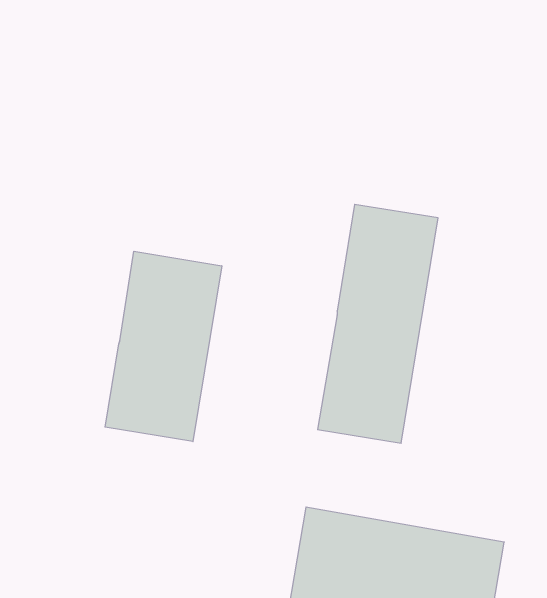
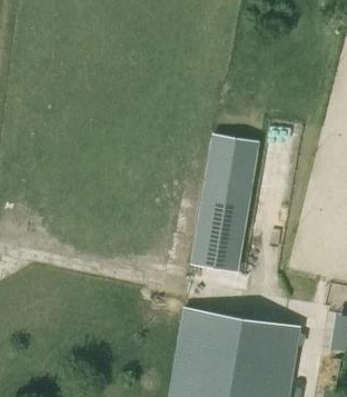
building: [105,251,222,442] -> none

